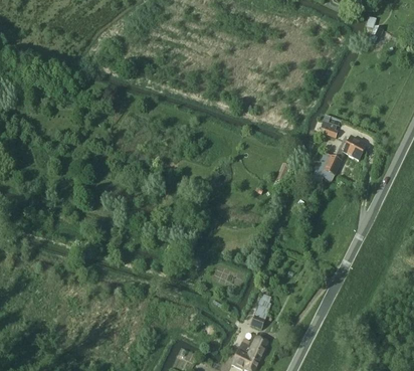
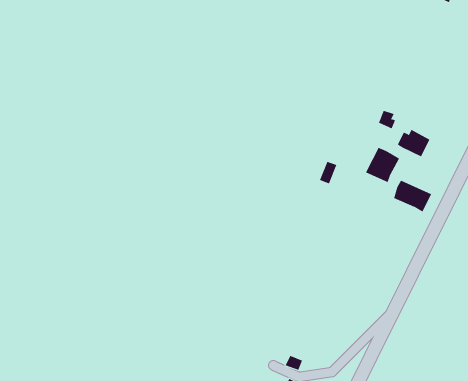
building: none -> [393,180,432,212]

